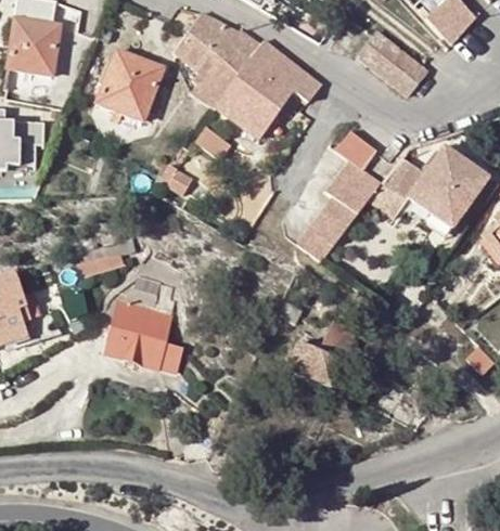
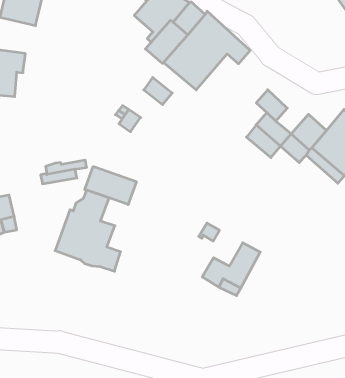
building: [357,30,427,95] -> none
building: [95,49,164,121] -> none
building: [296,196,358,262] -> none
building: none -> [85,167,136,205]

